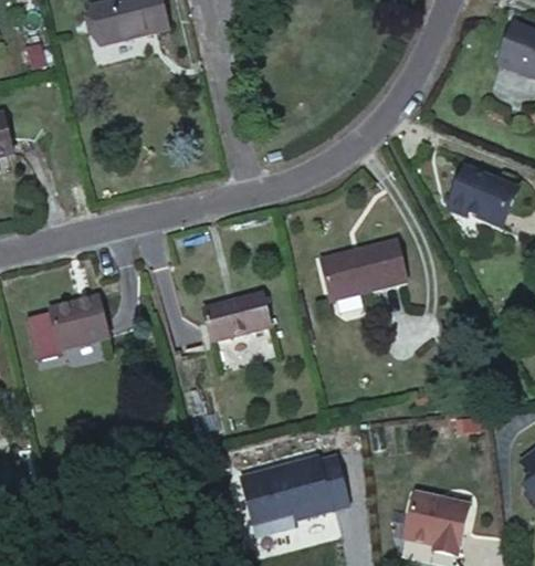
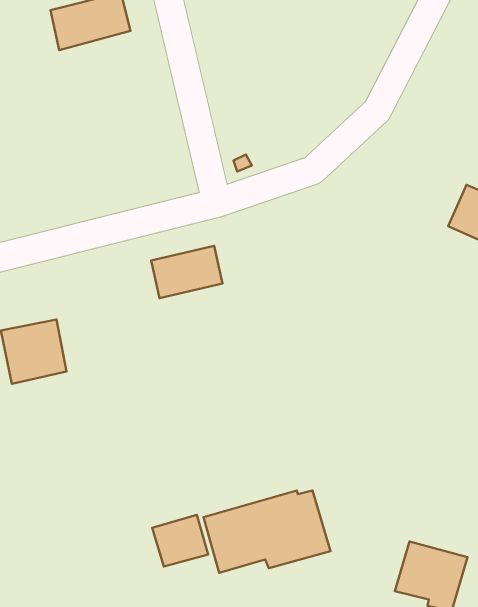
building: [319,247,403,303] -> none
building: [201,289,266,336] -> [151,246,223,298]
building: none -> [152,515,208,566]

